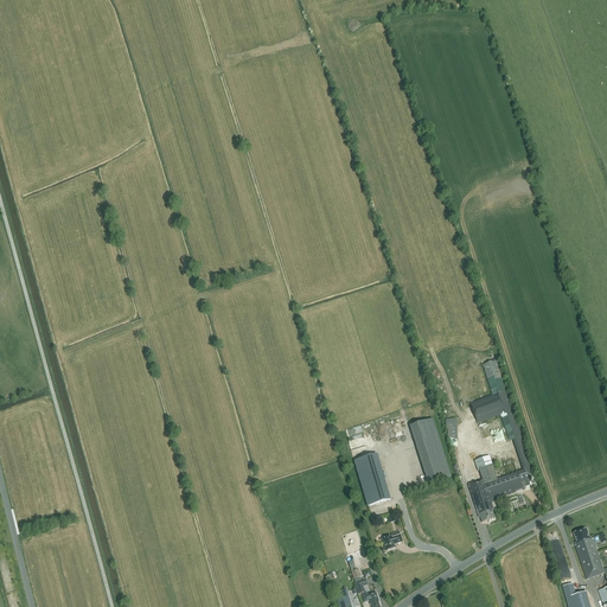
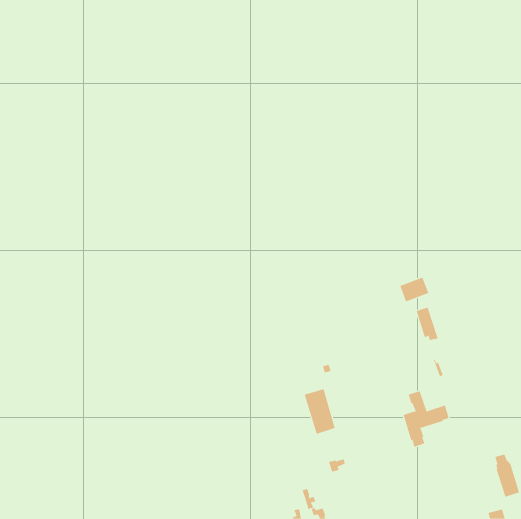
building: [471,391,505,421] -> [399,277,429,302]
building: [411,416,451,480] -> none

